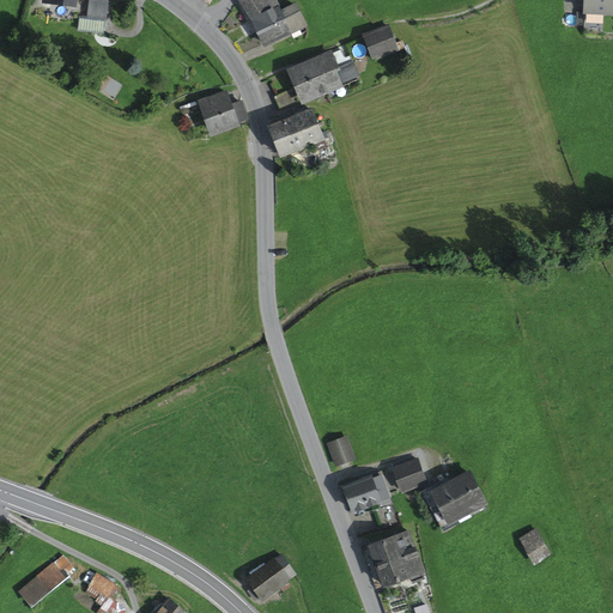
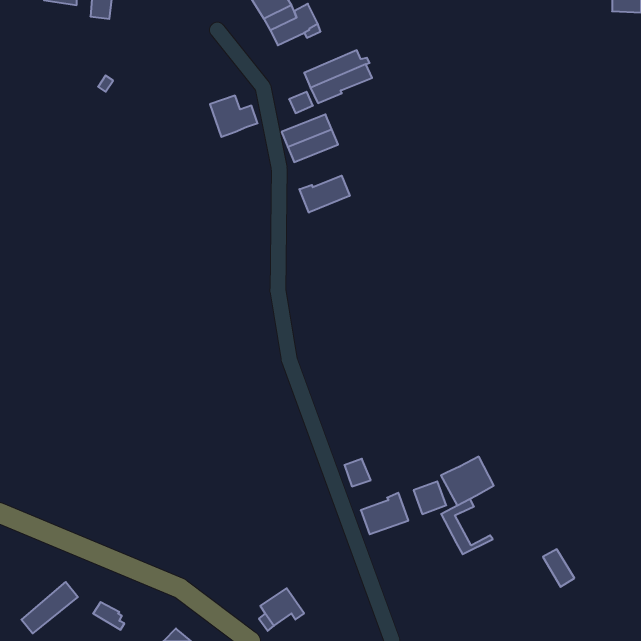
building: [364,25,396,57] -> none
building: none -> [299,176,350,213]
building: [433,473,484,520] -> [441,457,494,506]
building: [369,530,423,584] -> none

